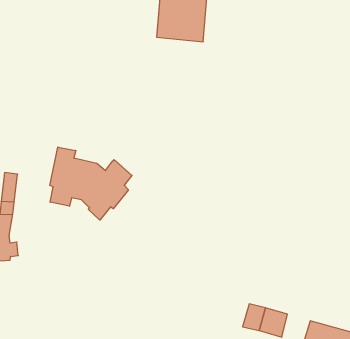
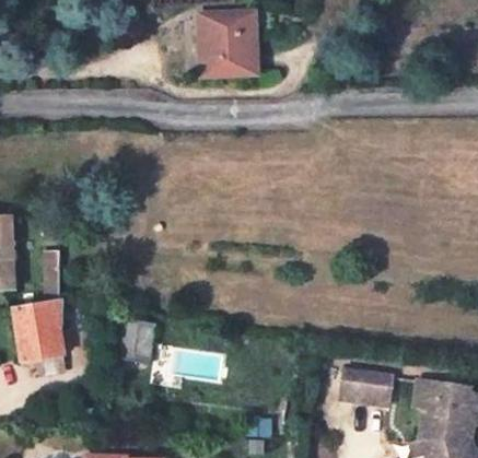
building: [50,147,132,220] -> none
building: none -> [120,321,152,360]

